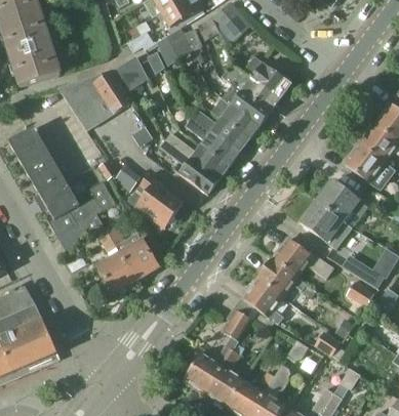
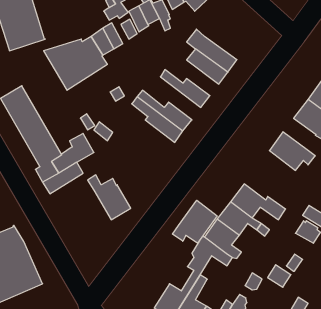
building: [242,54,289,96] -> none
building: [211,96,258,137] -> none
building: [185,116,238,165] -> none
building: [128,172,183,224] -> none
building: [300,200,352,249] -> none
building: [98,234,135,291] -> none
building: none -> [172,200,217,243]

